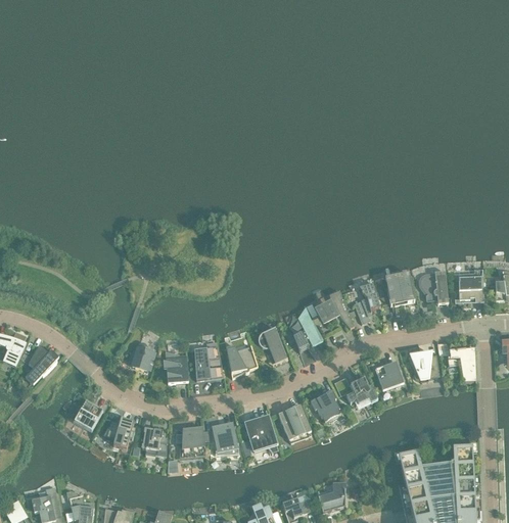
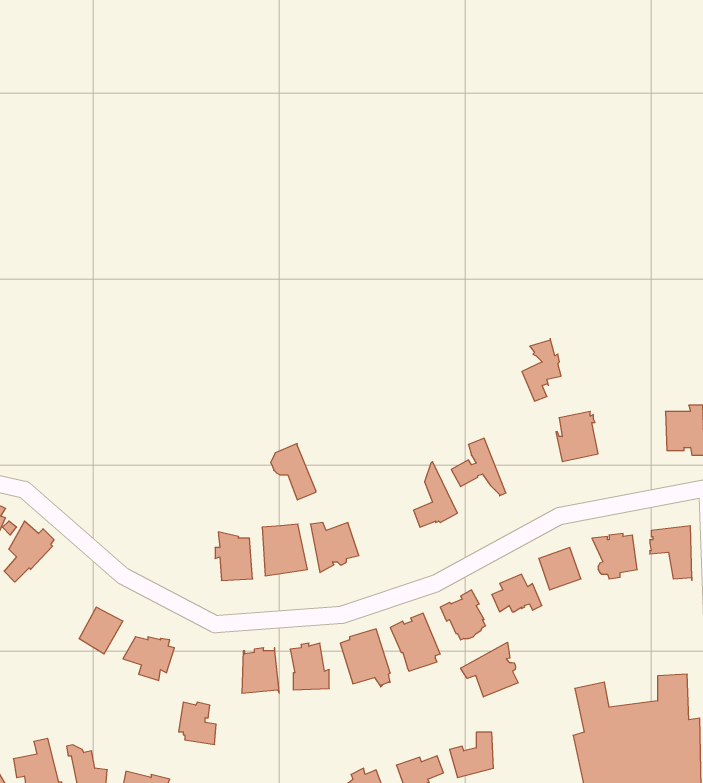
building: [419,271,447,303] -> none
building: [353,282,378,323] -> [522,339,561,401]
building: [257,327,286,364] -> [271,444,316,500]
building: [127,342,154,371] -> none
building: none -> [461,642,518,697]
building: [141,428,166,456] -> [179,702,216,744]

